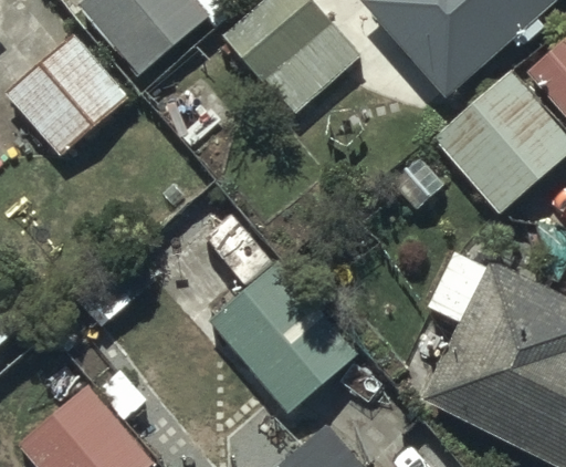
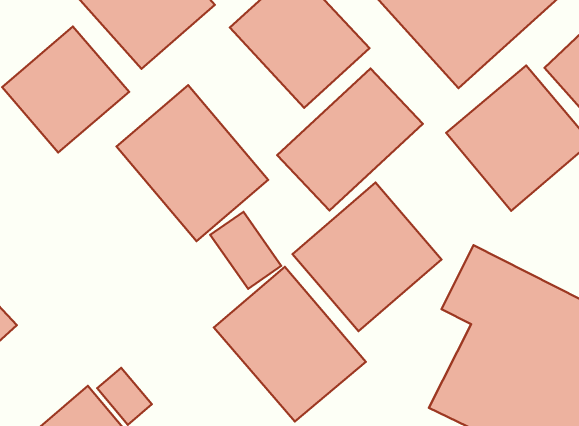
building: none -> [277,69,423,210]
building: none -> [117,85,268,241]
building: none -> [293,182,441,331]

